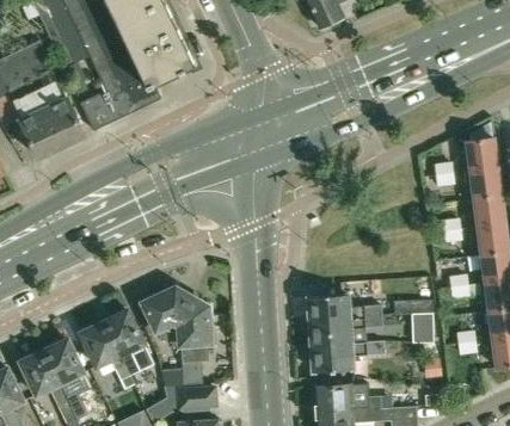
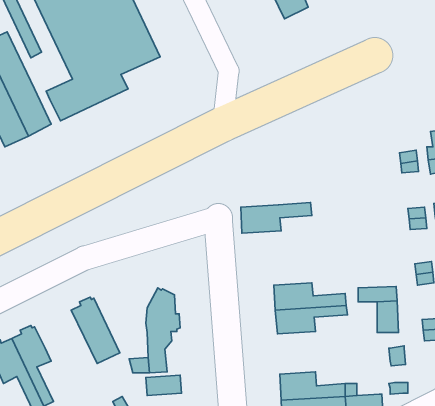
building: [142,288,191,345] -> none
building: [80,322,135,390] -> none
building: [312,341,383,372] -> [241,203,312,233]

